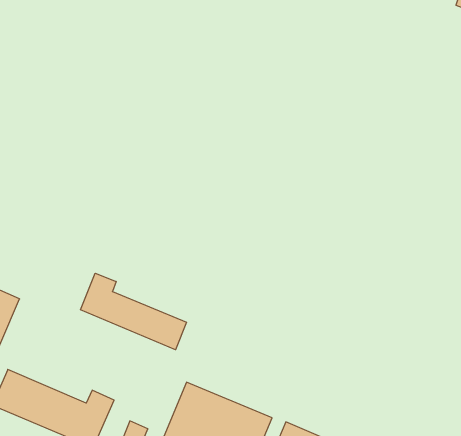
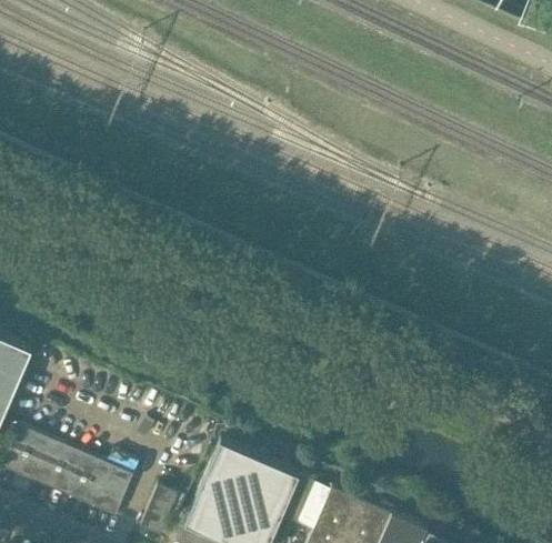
building: [81,273,186,350] -> none

